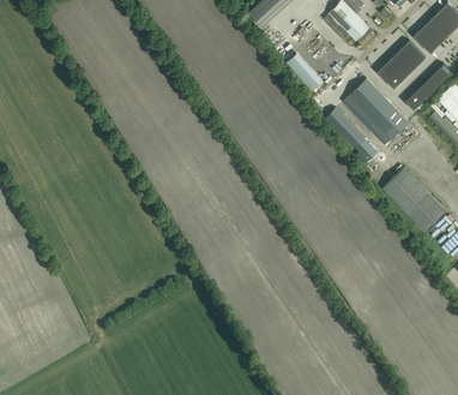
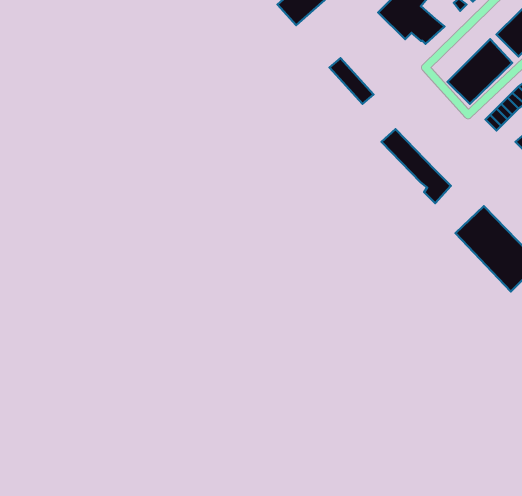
building: [345,78,409,143] -> none

